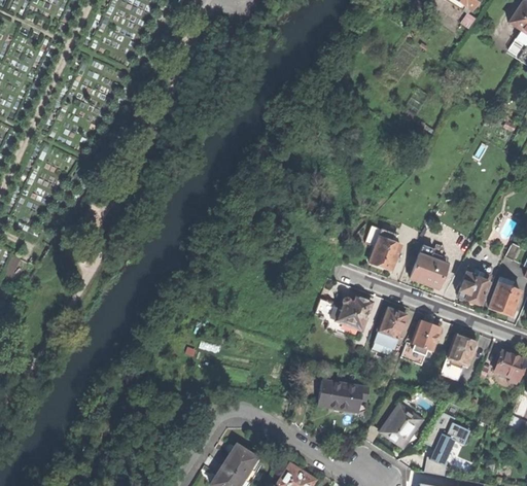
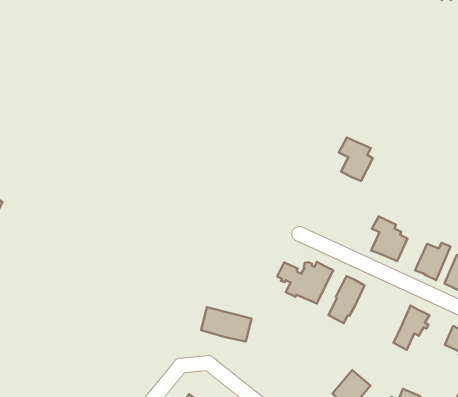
building: [365,225,401,270] -> [339,137,373,181]
building: [401,319,441,363] -> none
building: [318,379,370,412] -> [201,307,251,342]

